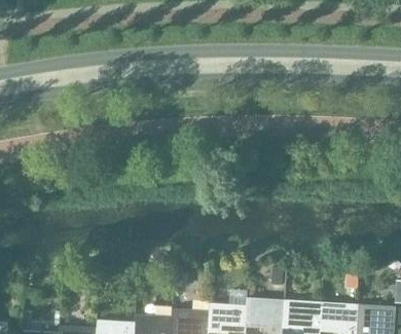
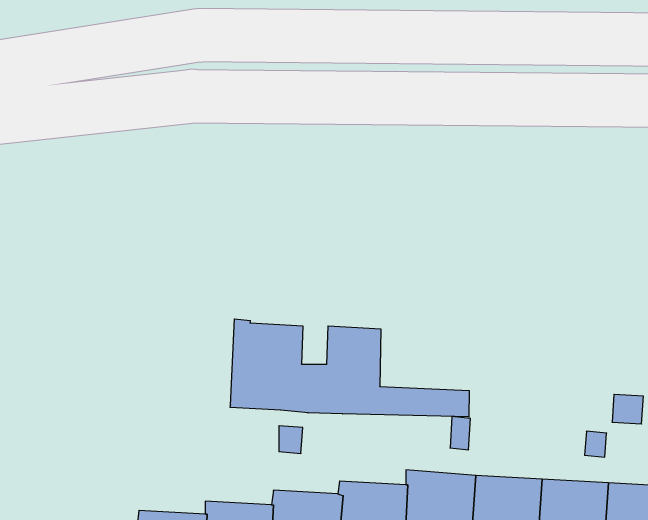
building: none -> [230,319,469,417]

